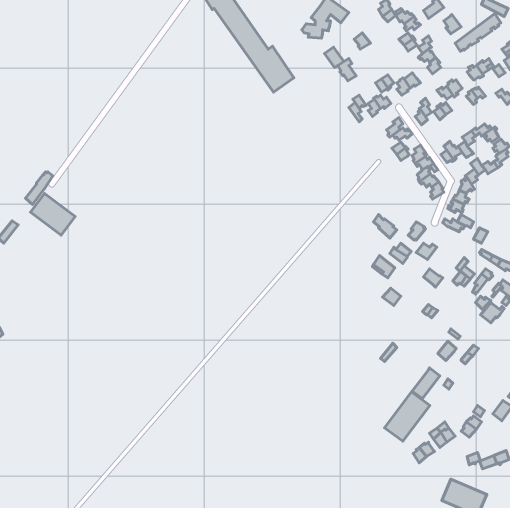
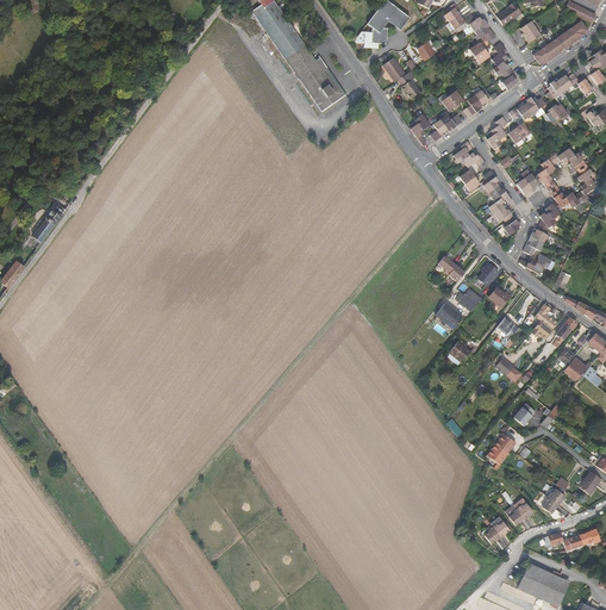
building: [31,194,75,235] -> none
building: [385,392,430,441] -> none

